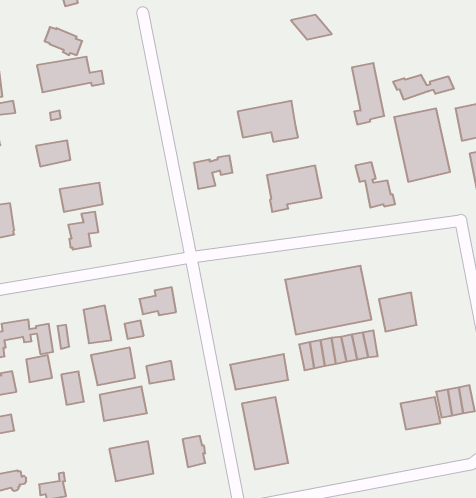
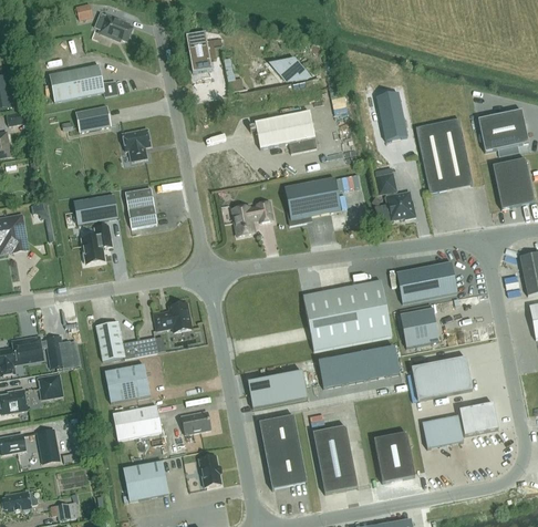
building: [291,15,332,40] -> [269,56,311,82]
building: none -> [186,31,211,72]
building: [44,27,82,55] -> [94,12,133,41]
building: [393,75,454,100] -> none
building: none -> [122,128,151,161]
building: [36,141,70,166] -> [75,105,111,132]
building: [194,155,233,189] -> [232,202,272,236]
building: none -> [125,187,157,227]
building: none -> [391,264,452,303]
building: none -> [411,357,472,400]
building: [146,361,174,384] -> [182,411,210,434]
building: [61,371,84,405] -> [37,428,60,463]
building: none -> [315,424,360,492]
building: none -> [373,432,415,483]

